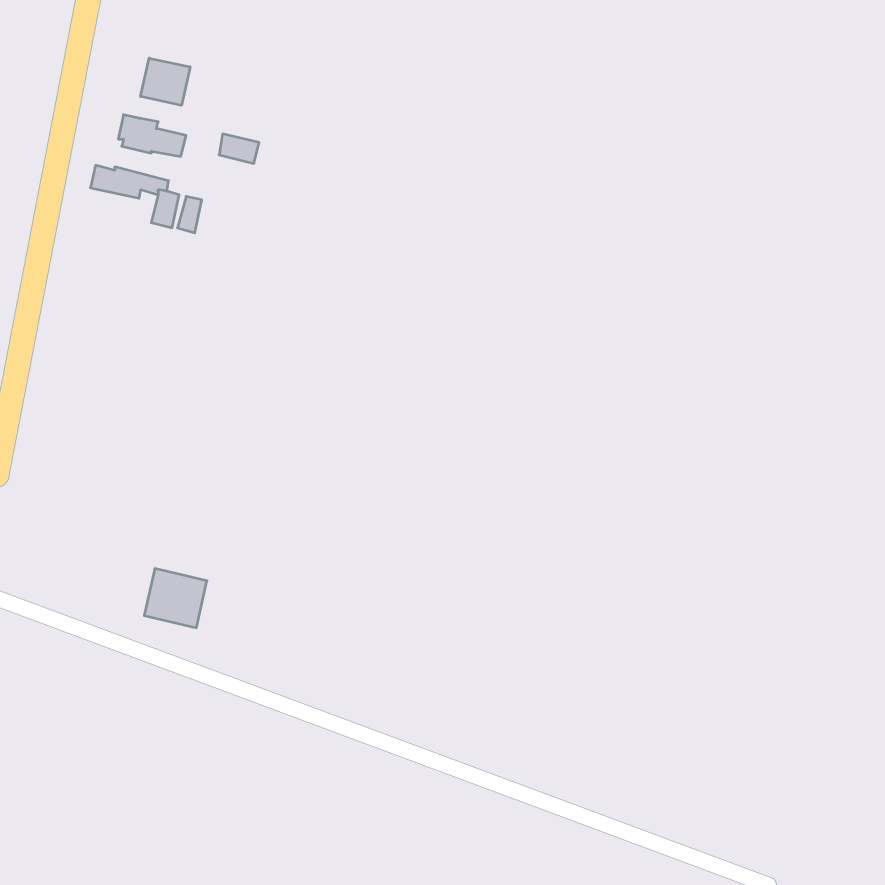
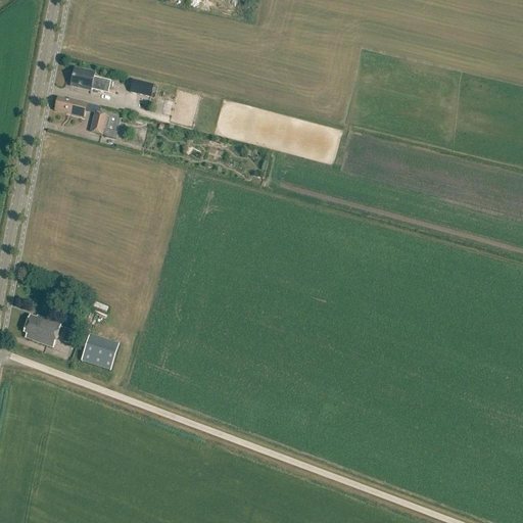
building: [141,58,190,105] -> none
building: none -> [22,314,60,346]

